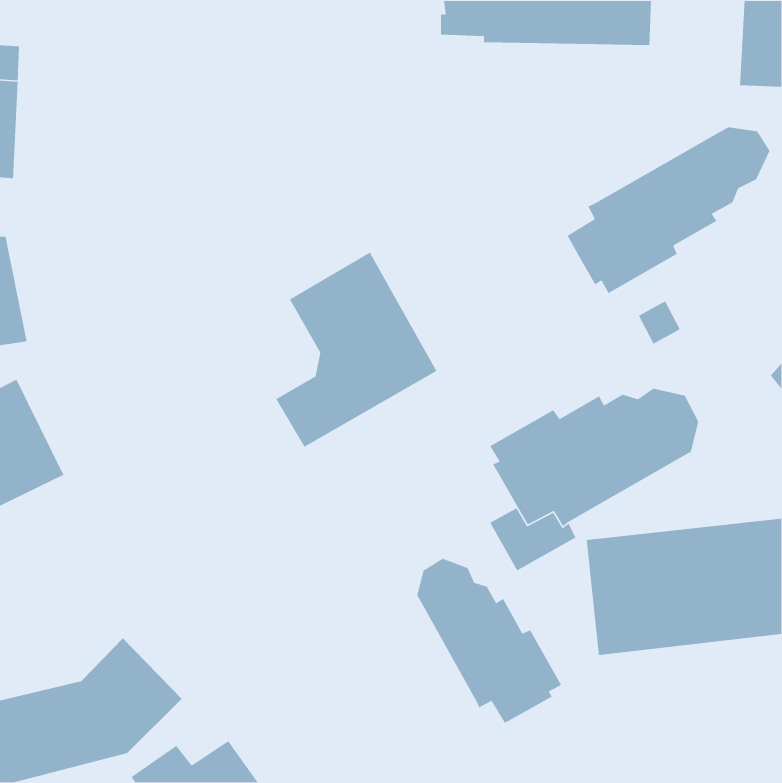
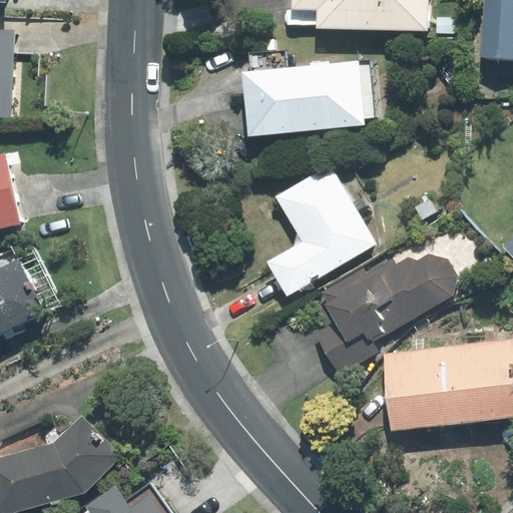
building: none -> [242,50,374,134]
building: [567,127,771,294] -> none
building: [275,252,438,448] -> [268,166,374,295]
building: [416,558,562,724] -> none

